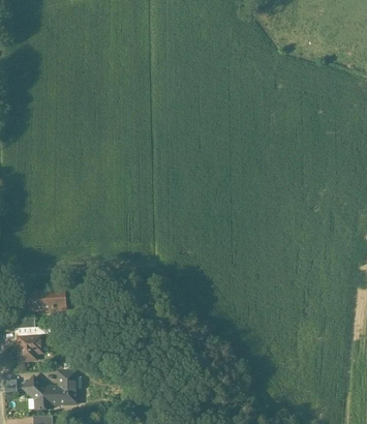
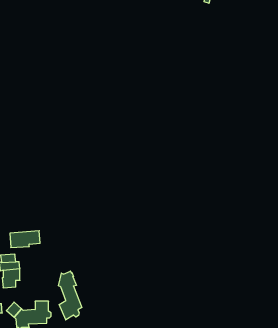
building: none -> [59,271,82,320]

